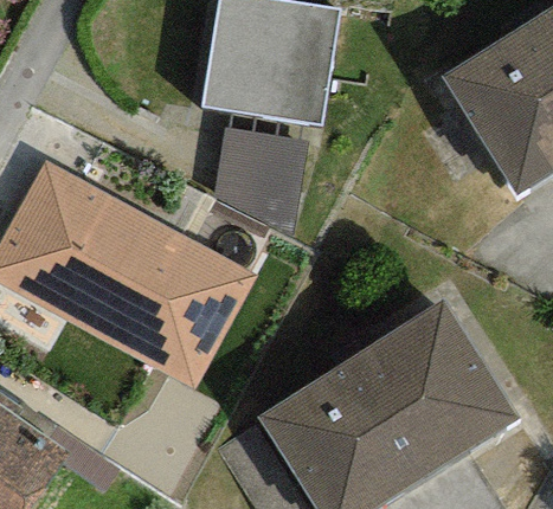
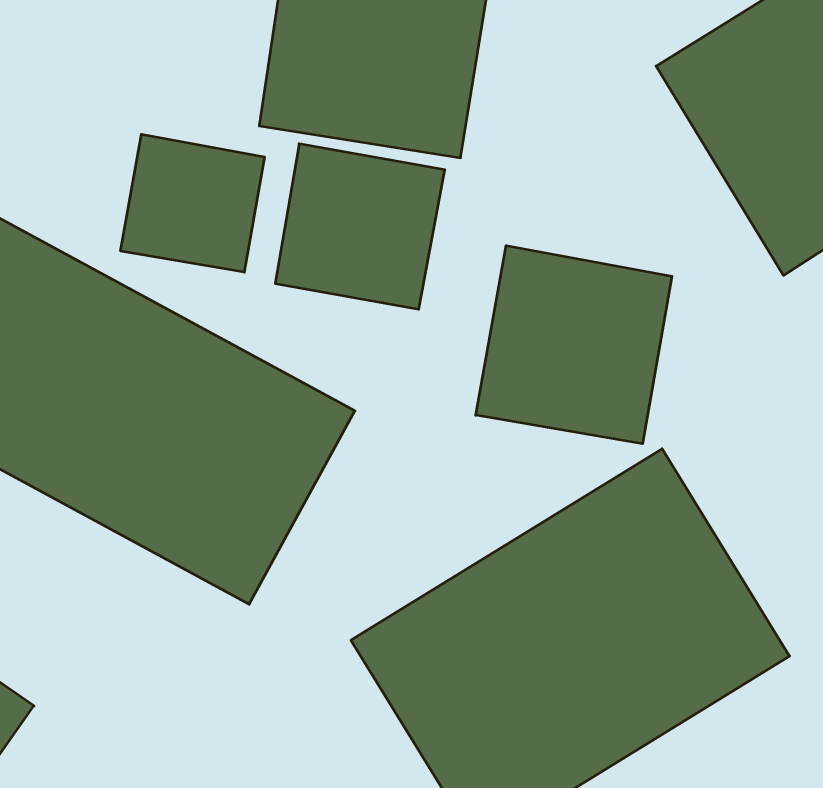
building: none -> [121,134,264,272]
building: none -> [476,246,672,444]

